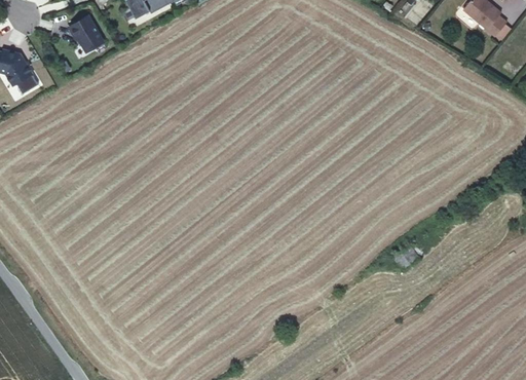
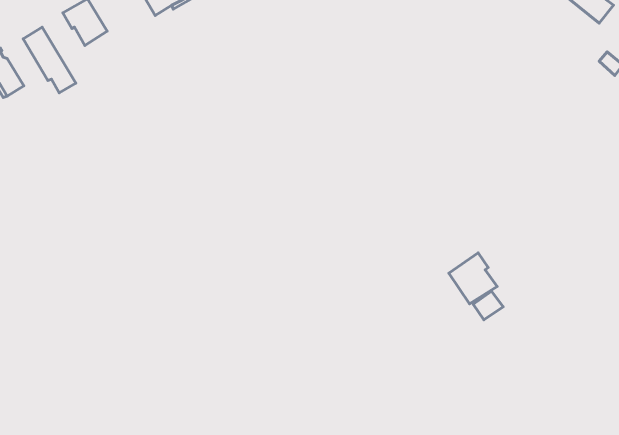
building: none -> [23,27,76,93]
building: none -> [449,253,497,304]

